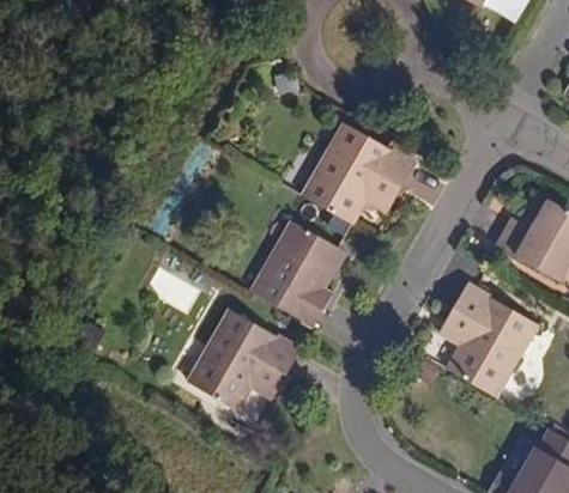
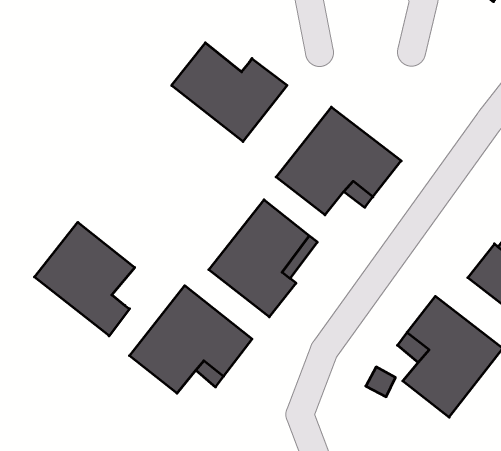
building: none -> [172,43,287,142]
building: none -> [34,222,135,336]

